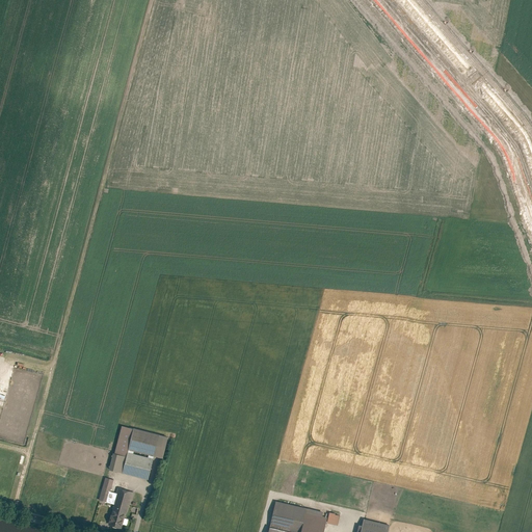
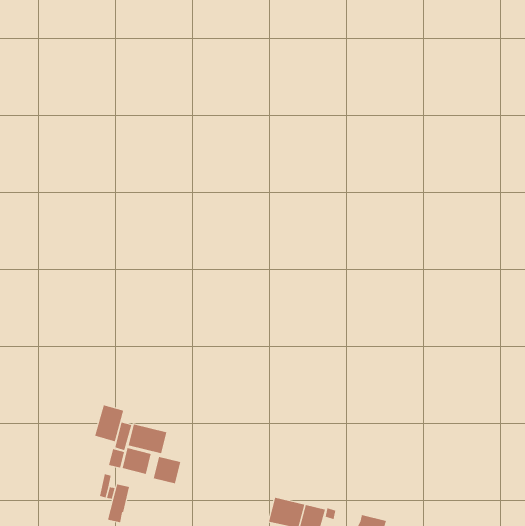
building: none -> [94,404,124,442]
building: none -> [153,456,181,484]

